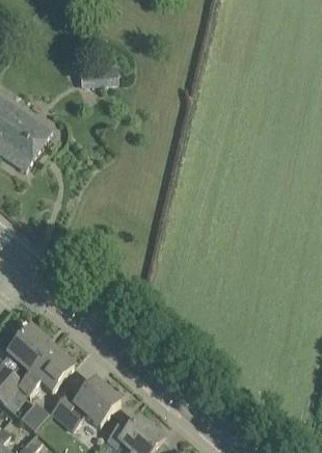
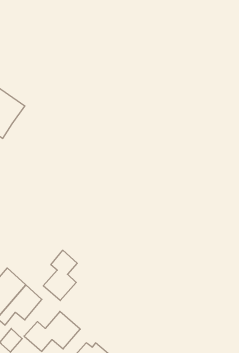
building: [88,64,118,87] -> none
building: none -> [43,250,77,301]

